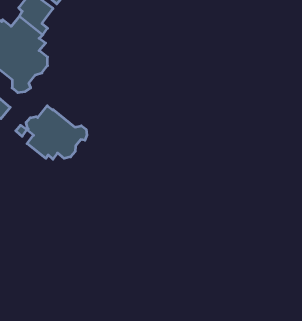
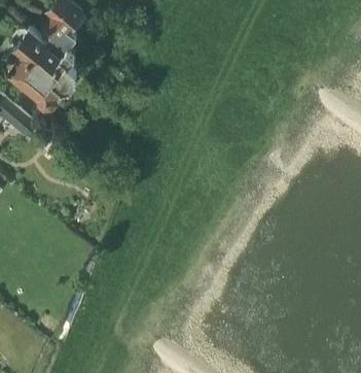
building: [26,106,87,159] -> none

